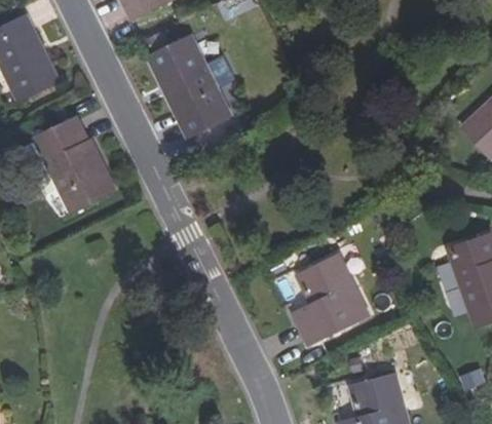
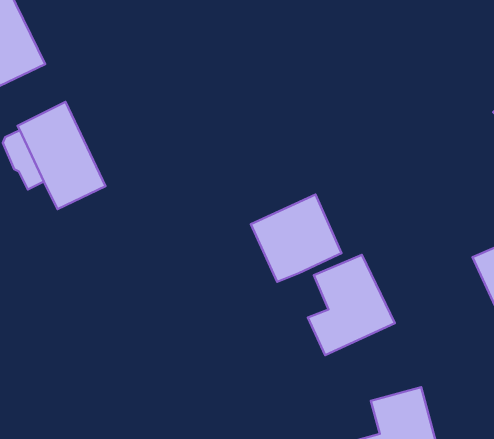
building: [150,35,231,139] -> none
building: none -> [251,195,341,282]

